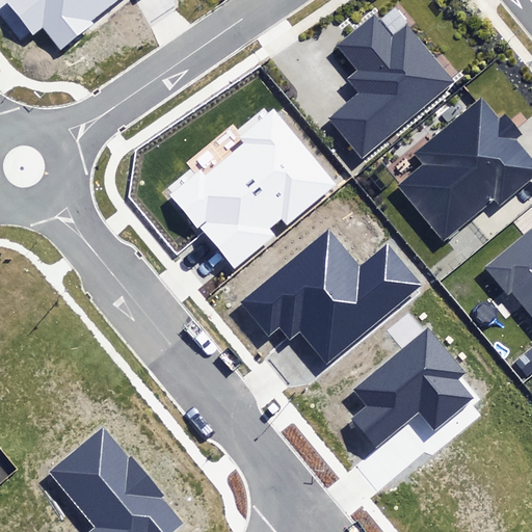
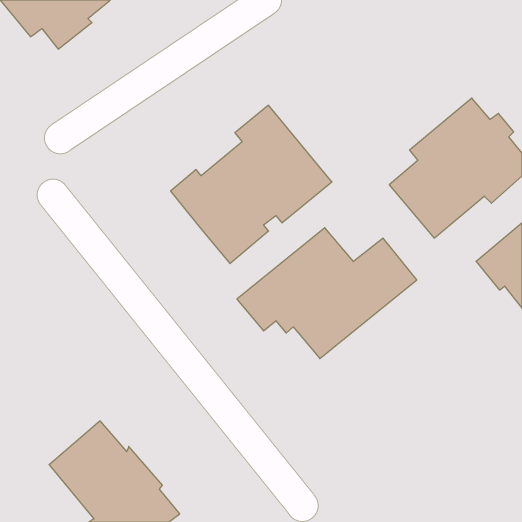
building: [326,17,451,158] -> none
building: [352,328,473,447] -> none

